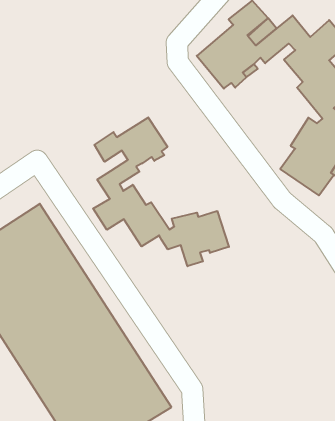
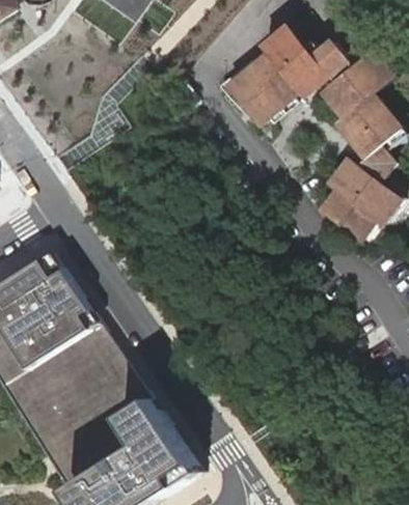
building: [93,117,229,266] -> none

